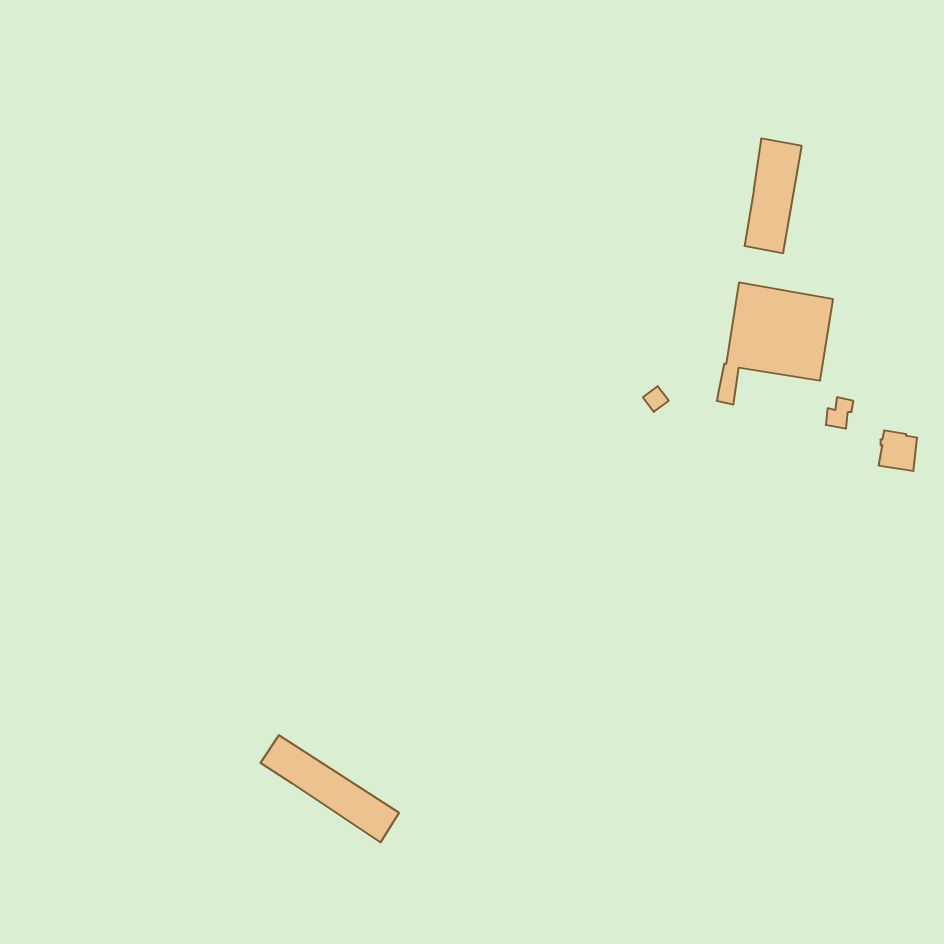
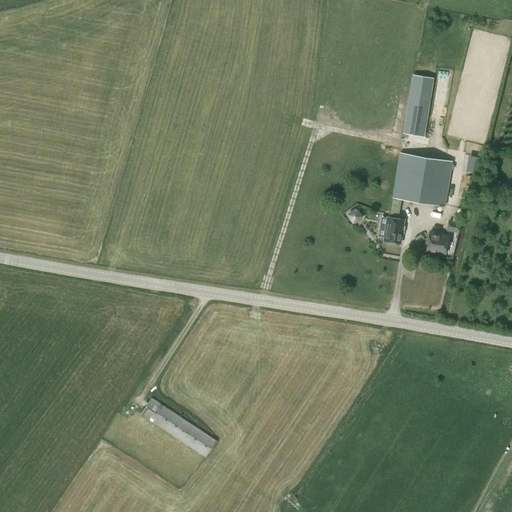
building: none -> [383,217,404,244]
building: [879,430,917,471] -> [426,232,447,254]

